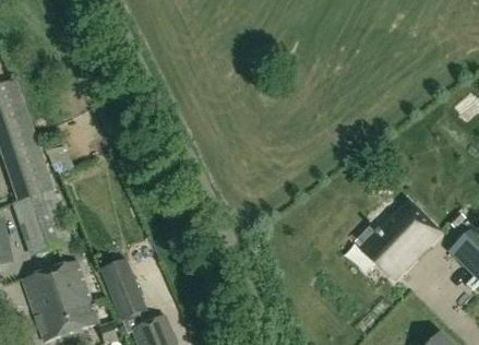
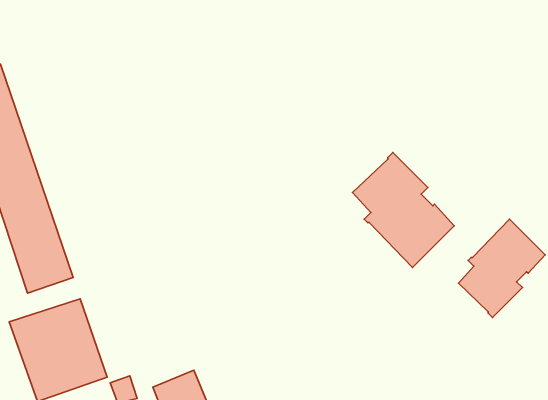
building: none -> [353,152,454,268]
building: [98,258,146,321] -> none

